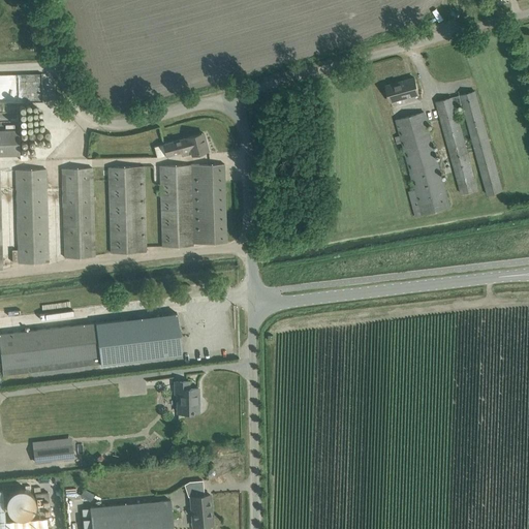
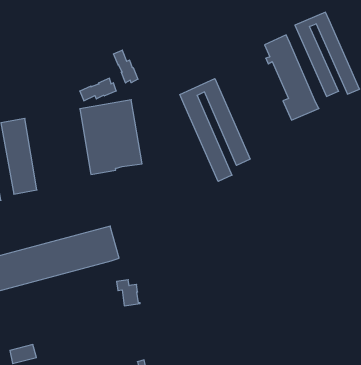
building: [385,79,418,102] -> none
building: none -> [114,50,138,83]
building: none -> [180,79,250,181]
building: [107,167,145,254] -> none

